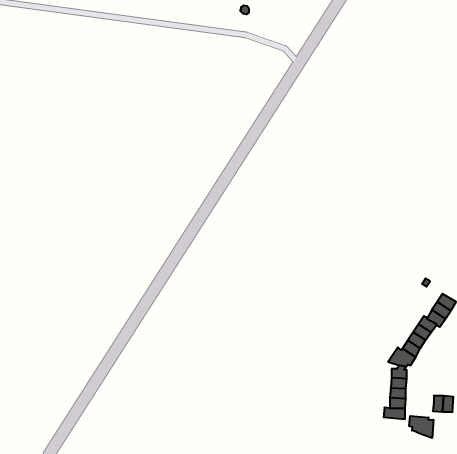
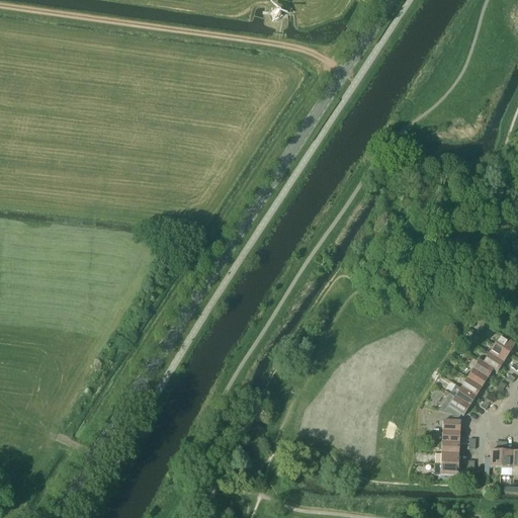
building: [409,416,433,438] -> none

